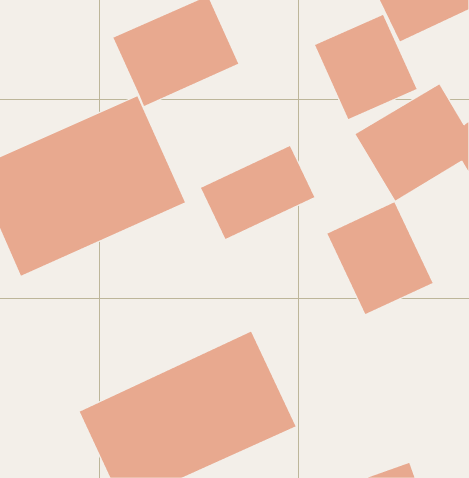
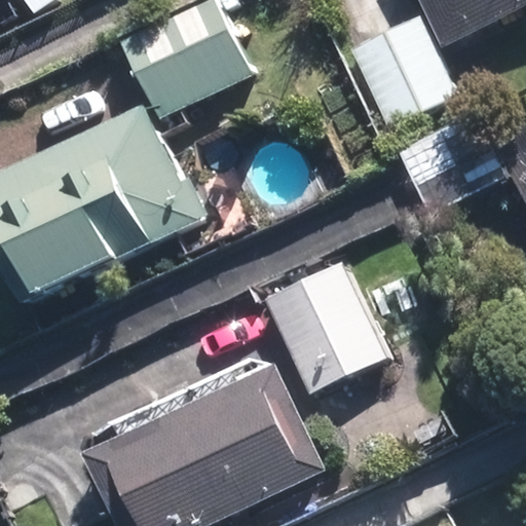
building: [200,145,315,240] -> none
building: [326,202,433,315] -> [266,266,383,390]

